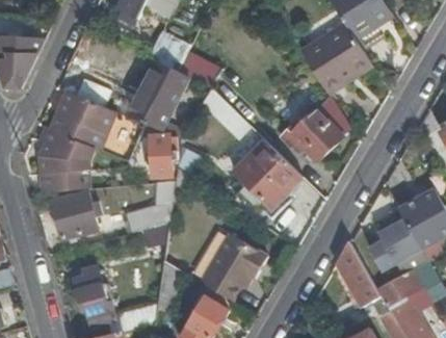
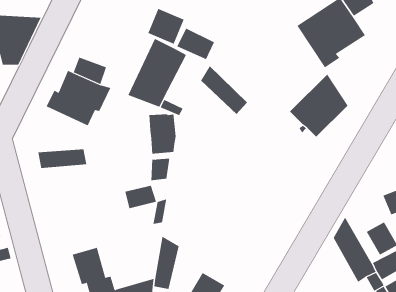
building: [36,128,90,176] -> none
building: [234,140,304,209] -> none
building: [54,191,102,238] -> none
building: [199,232,266,301] -> none

